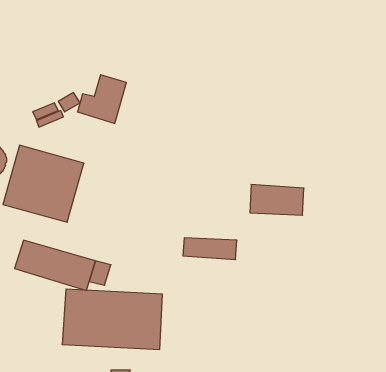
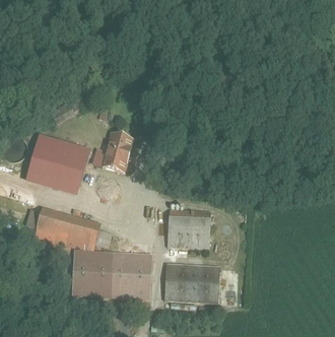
building: [77,75,126,123] -> [93,133,132,172]
building: [250,184,304,215] -> [166,223,209,248]
building: none -> [164,264,219,301]

